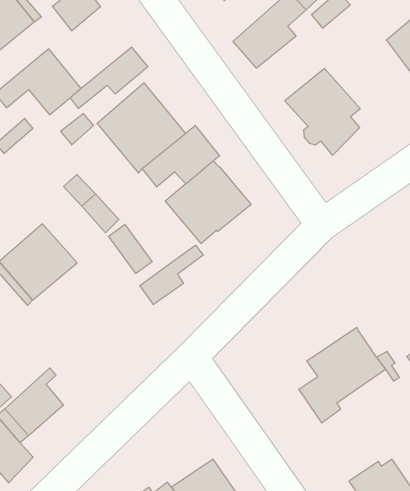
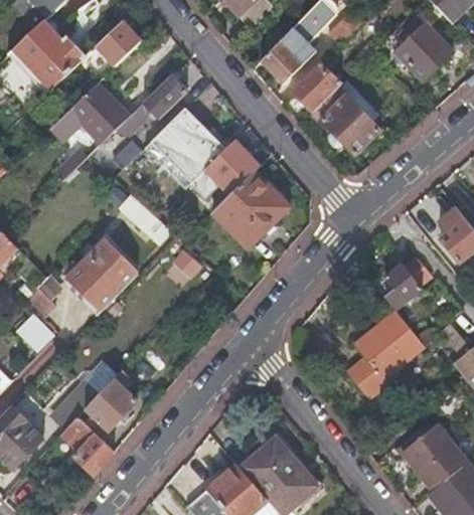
building: none -> [292,61,342,111]
building: [140,245,203,305] -> none
building: none -> [386,265,424,312]

